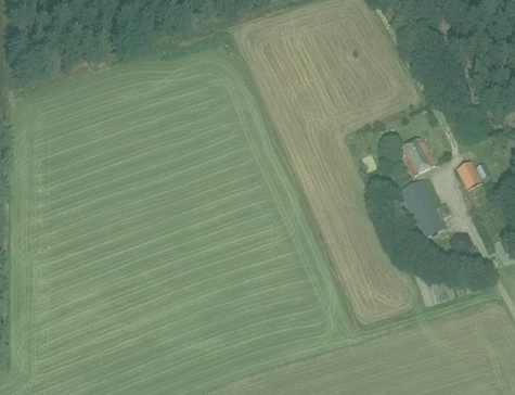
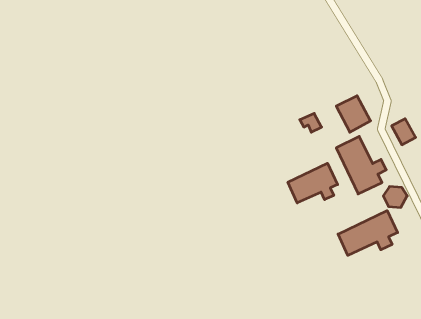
building: none -> [288,163,338,203]
building: none -> [338,211,398,255]

